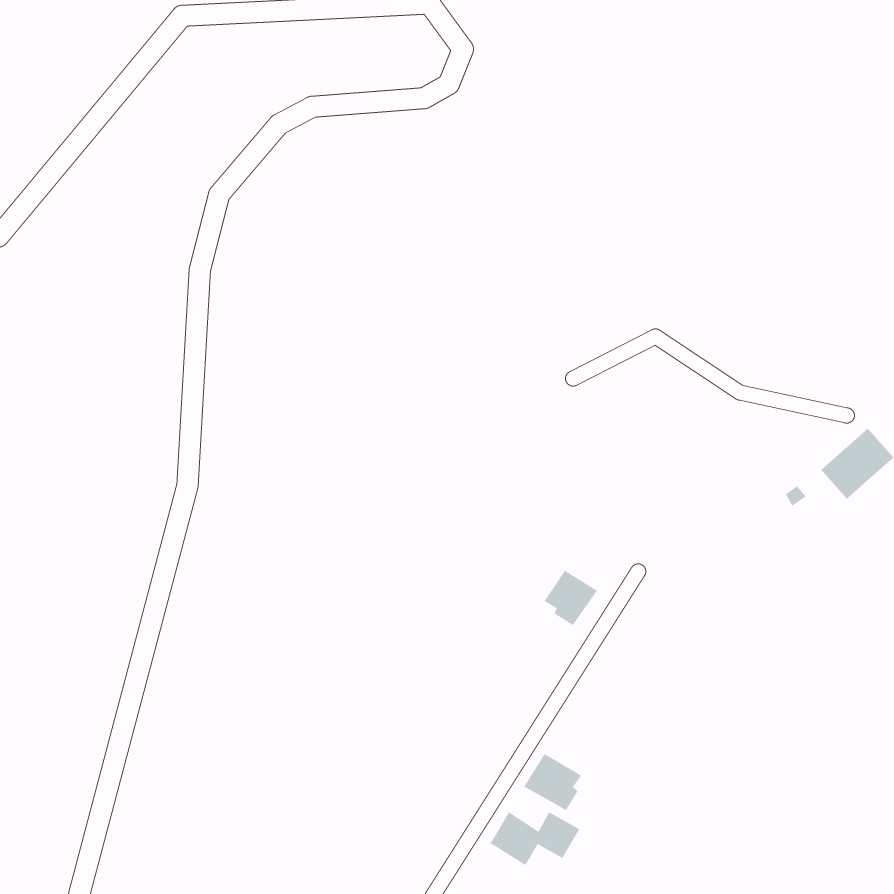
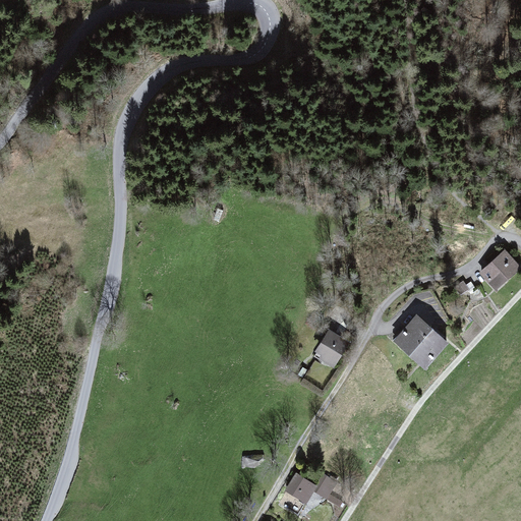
building: none -> [392,314,448,368]
building: [524,753,582,811] -> none

